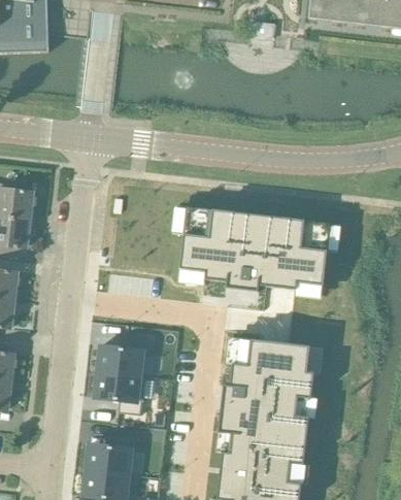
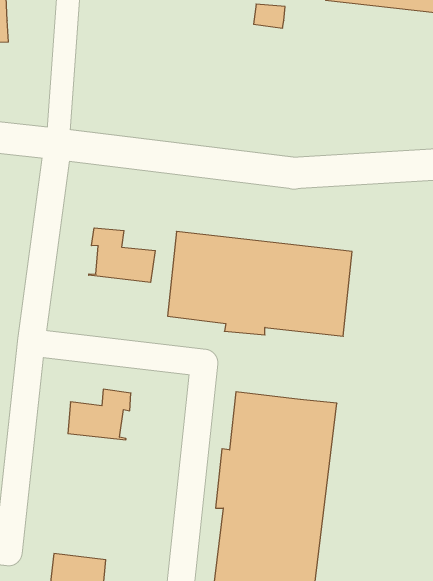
building: none -> [89,228,155,282]
building: [95,371,145,414] -> none
building: [87,434,138,474] -> none

